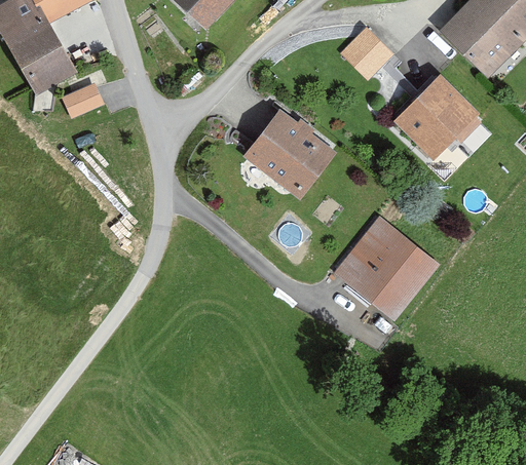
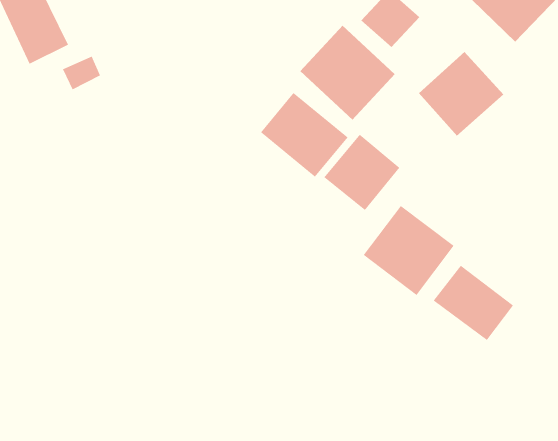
building: none -> [299,25,396,120]
building: none -> [323,134,400,211]
building: none -> [433,265,514,341]

